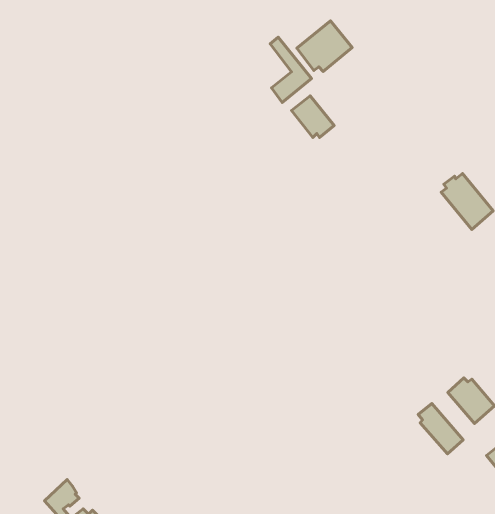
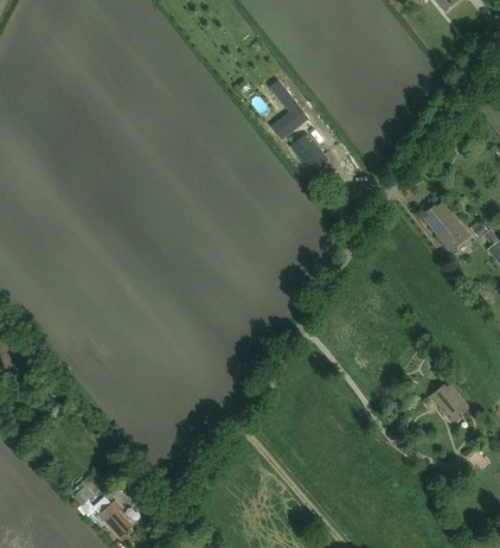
building: [297,21,352,71] -> none
building: [418,404,463,454] -> none

